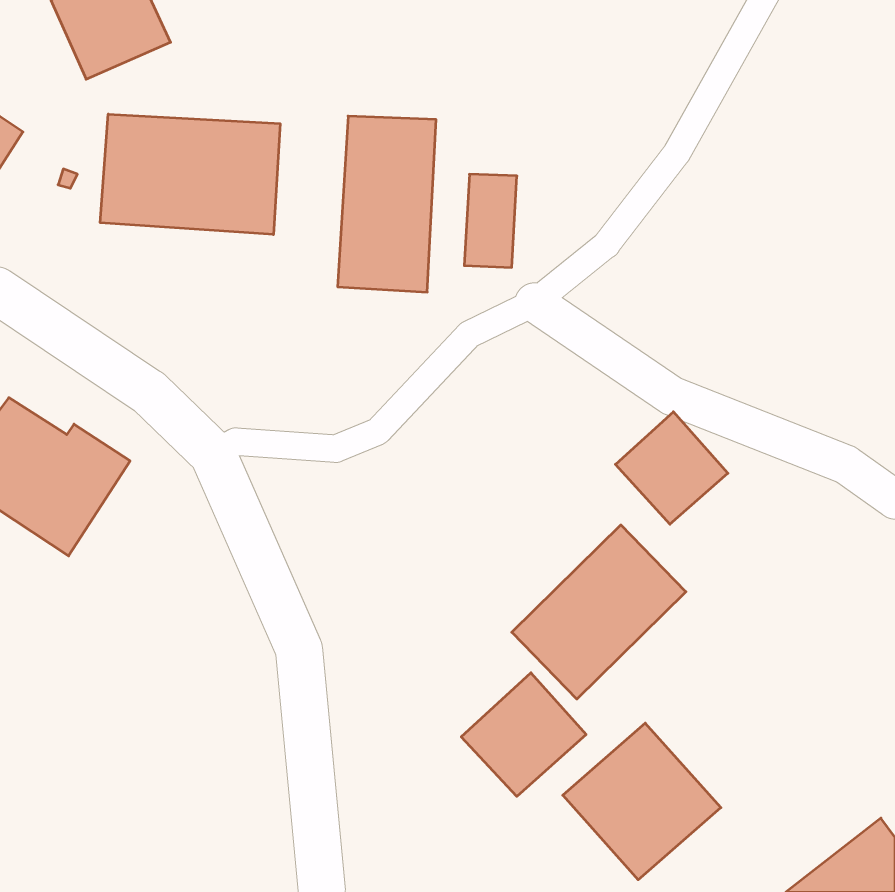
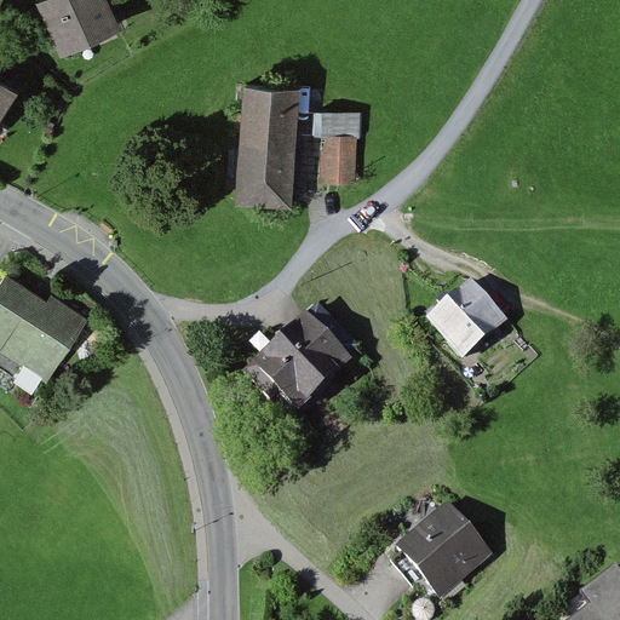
building: [100,114,280,235] -> none
building: [512,525,686,699] -> [239,303,358,423]
building: [461,673,586,796] -> none

